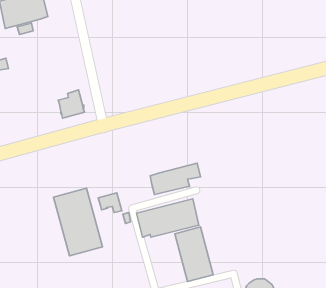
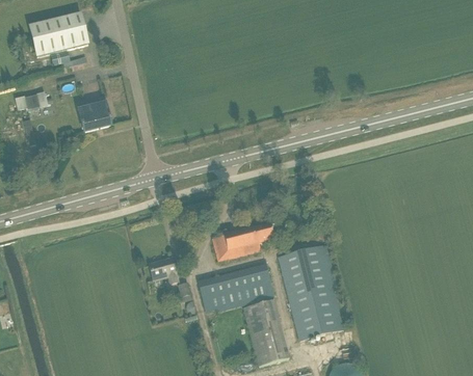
building: [58,90,85,118] -> [78,97,110,131]
building: none -> [278,243,343,340]
building: [53,188,102,256] -> none

